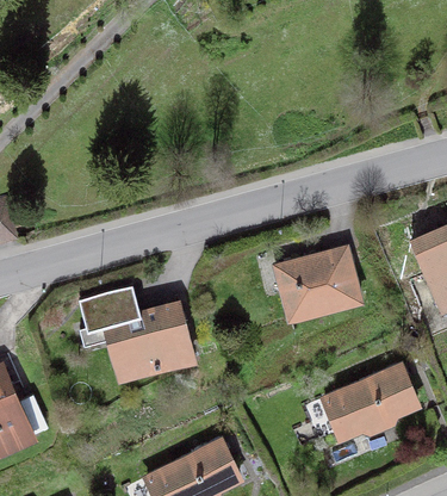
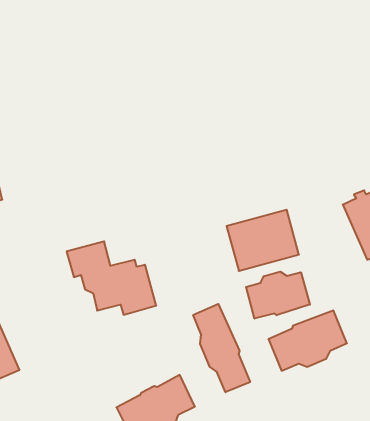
building: none -> [246,272,310,319]
building: none -> [193,304,250,392]

